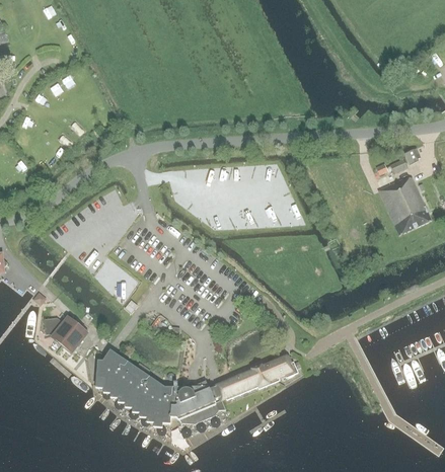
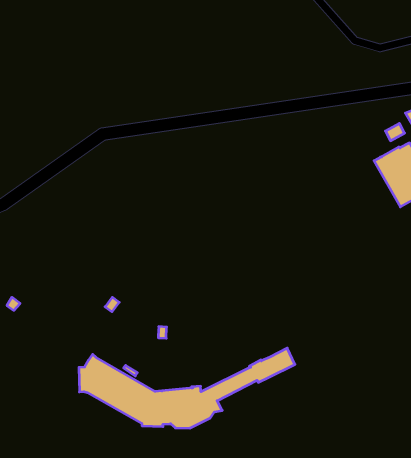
building: [44,318,85,350] -> none

